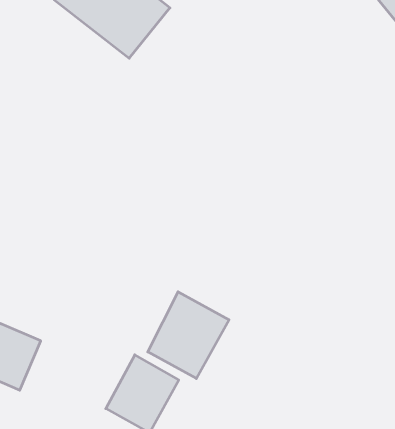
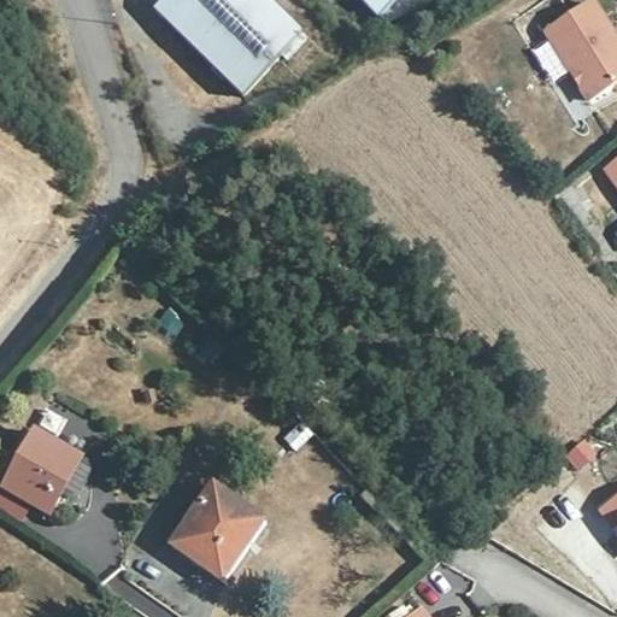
building: [148,292,229,379] -> none

